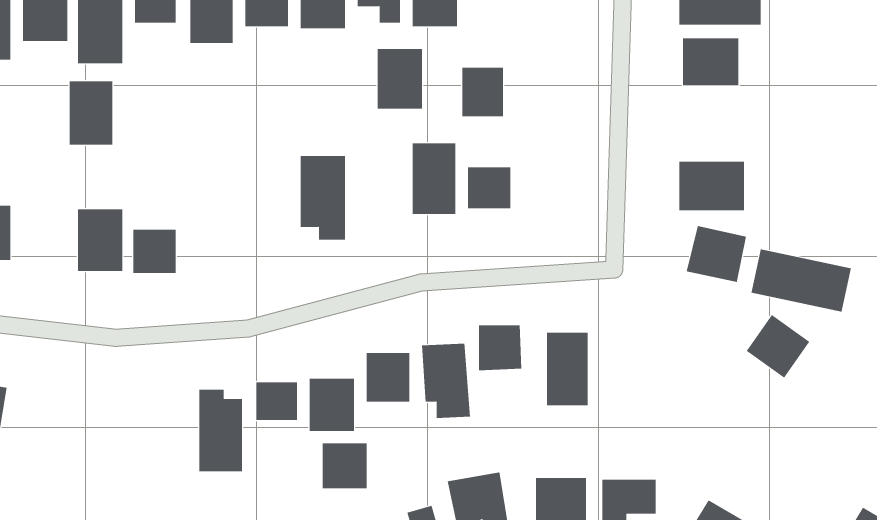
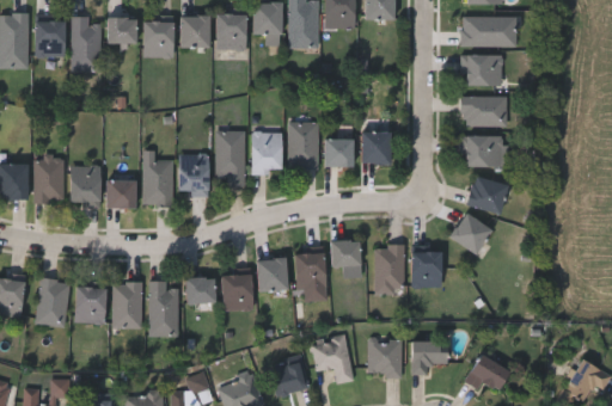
building: [377,49,423,109] -> [251,133,281,172]
building: [461,67,504,117] -> [362,131,390,164]
building: [69,81,113,145] -> [35,160,63,202]
building: none -> [461,96,507,125]
building: none -> [179,155,208,195]
building: none -> [143,160,172,207]
building: [751,249,851,313] -> none
building: [746,314,810,379] -> [449,213,491,254]
building: none -> [411,252,441,288]
building: none -> [37,279,69,327]
building: none -> [114,283,142,328]
building: none -> [74,288,105,324]
building: [322,442,367,489] -> none

